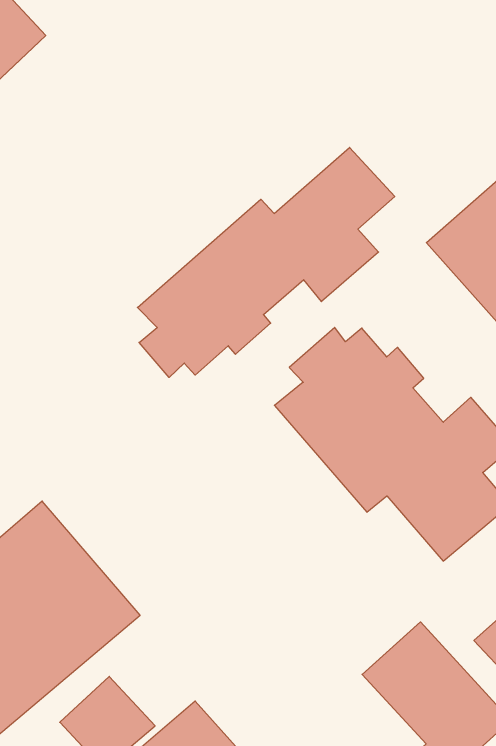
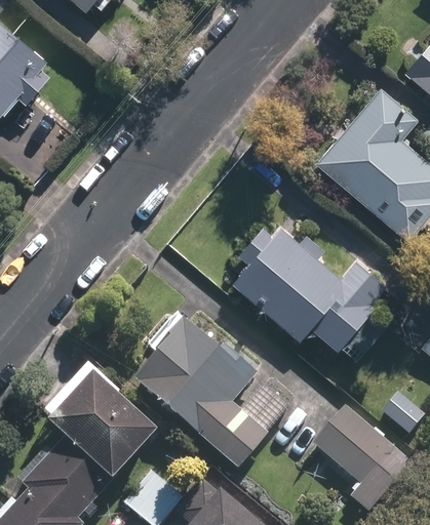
building: [137,147,395,377] -> none
building: none -> [133,319,291,471]

